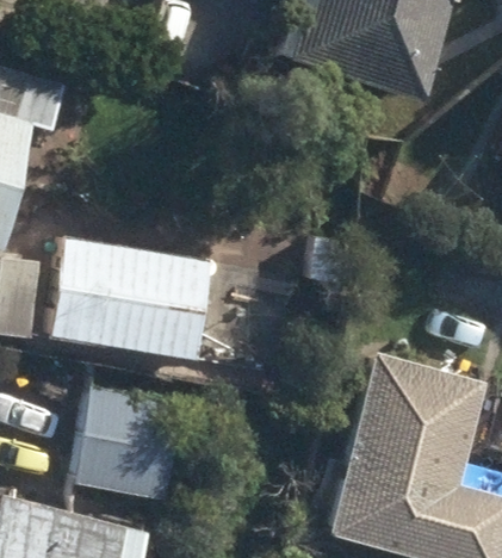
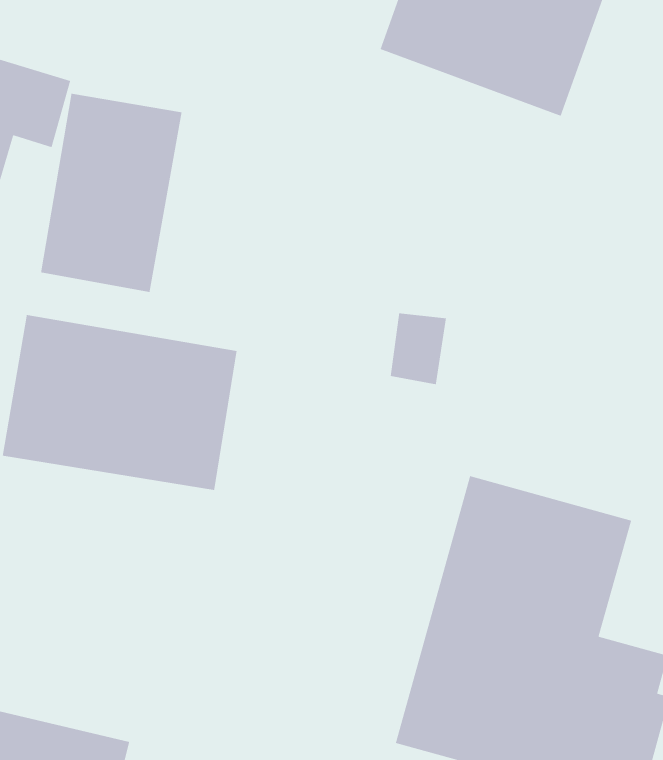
building: none -> [40,93,183,293]
building: [72,389,176,496] -> none

